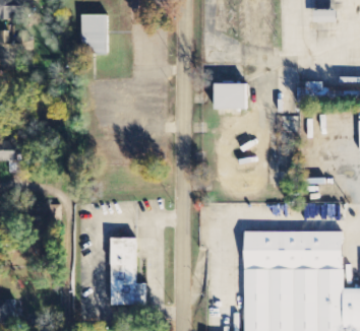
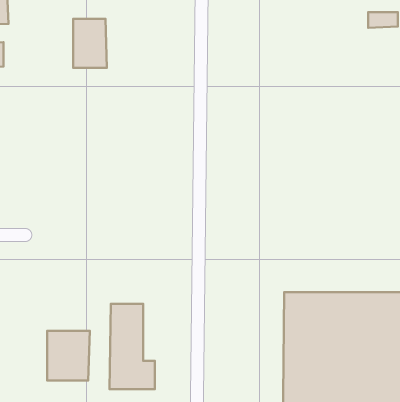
building: [214,83,246,110] -> none
building: none -> [47,331,90,381]

